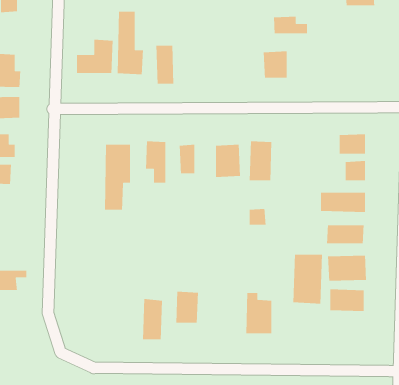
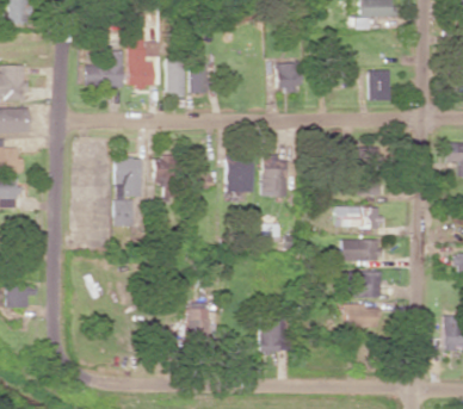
building: [273,16,308,34] -> none
building: none -> [191,63,209,93]
building: none -> [369,69,391,100]
building: [292,254,323,305] -> none
building: [142,298,163,340] -> none

